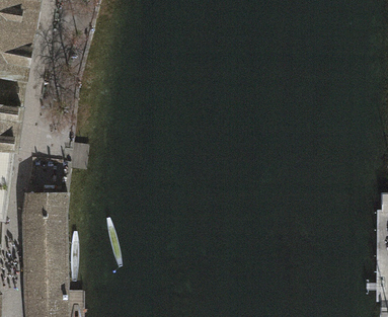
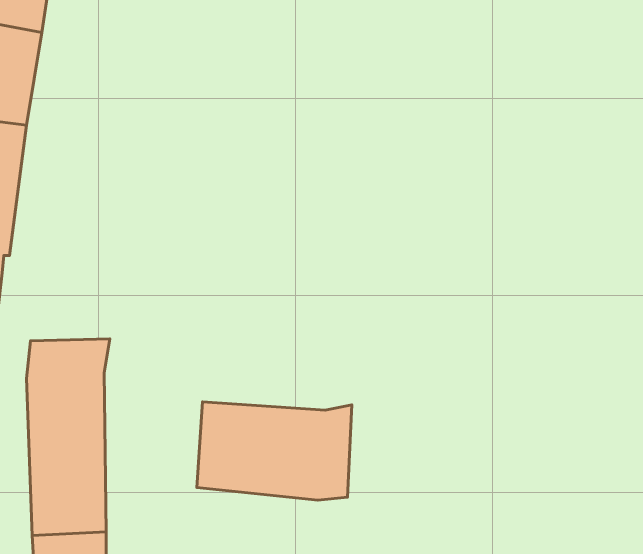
building: none -> [197,402,352,500]

